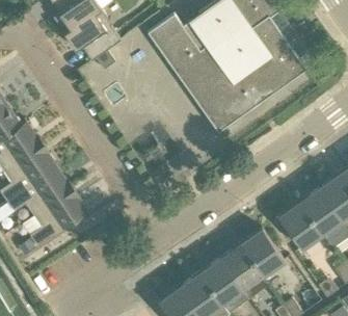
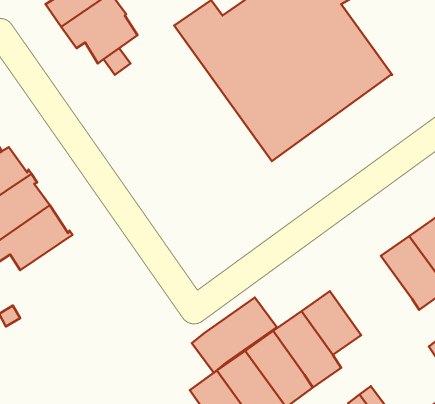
building: [30,187,87,246] -> none
building: [278,203,322,248] -> none
building: none -> [192,297,277,373]

